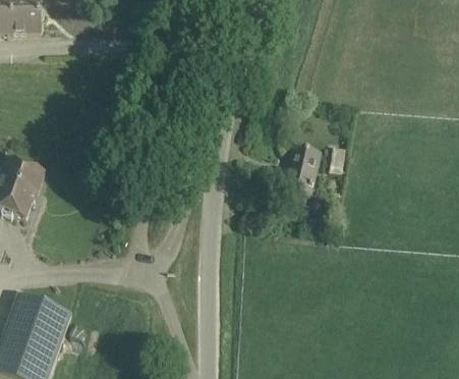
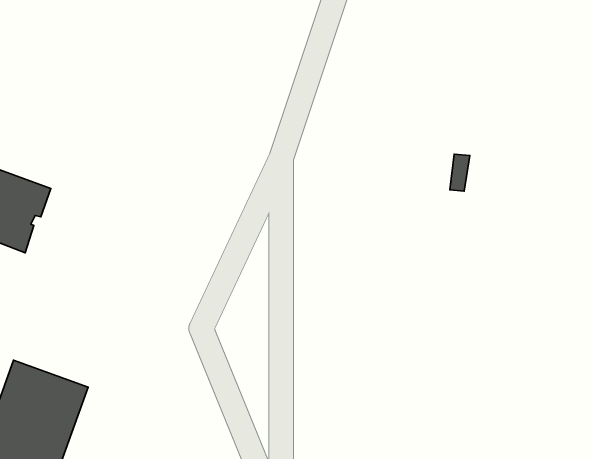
building: [285,144,320,193] -> none

